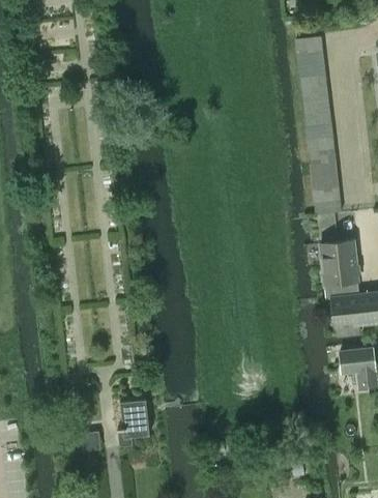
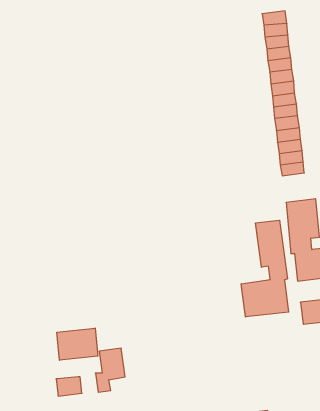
building: none -> [241,220,289,317]
building: none -> [57,328,98,360]

